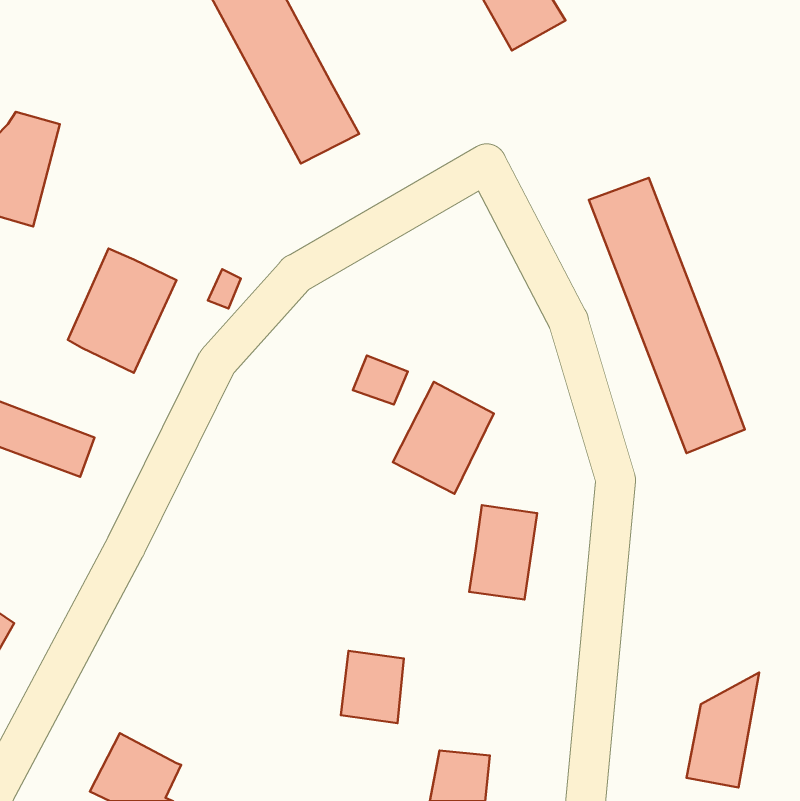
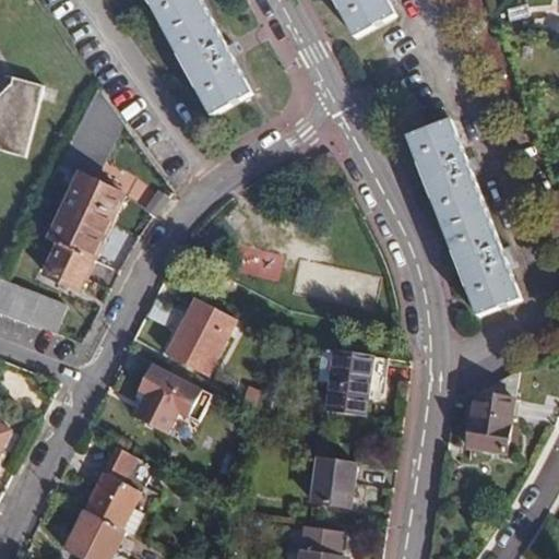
building: none -> [43,241,93,289]
building: [393,382,494,494] -> [166,298,236,376]
building: none -> [133,367,195,435]
building: none -> [83,449,150,530]
building: [341,651,404,723] -> [311,459,355,509]
building: [687,673,759,787] -> [466,371,516,451]

